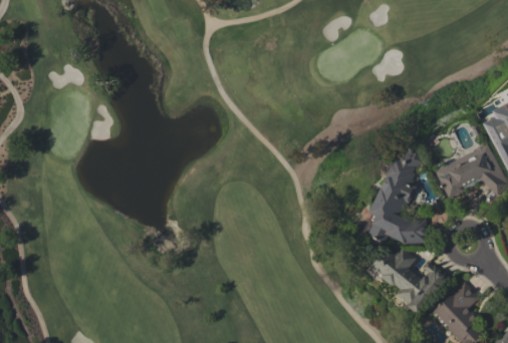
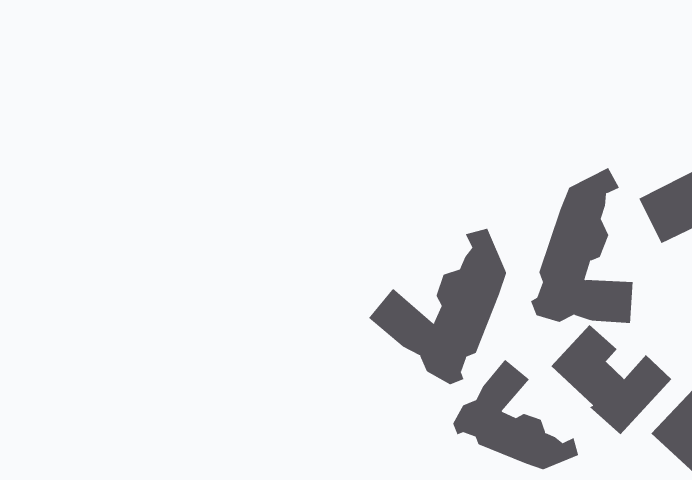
building: none -> [368,228,507,385]
building: none -> [453,359,579,470]

